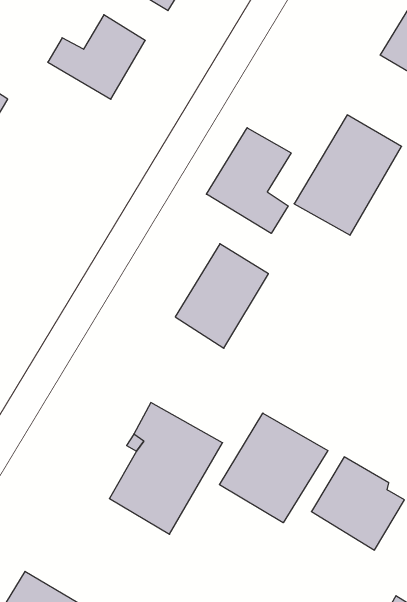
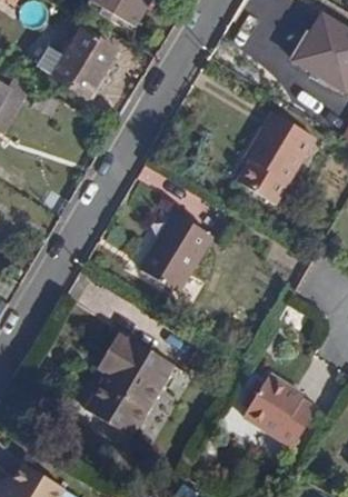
building: [206,128,291,233] -> none
building: [219,413,328,523] -> none

